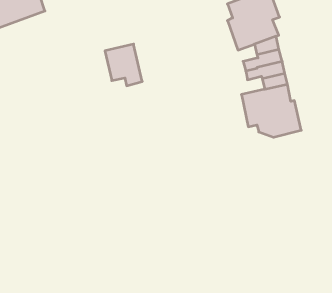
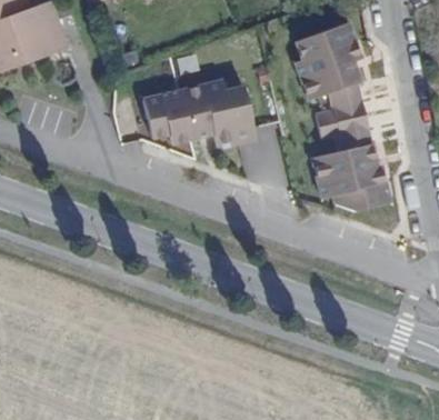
building: none -> [178,80,255,148]

